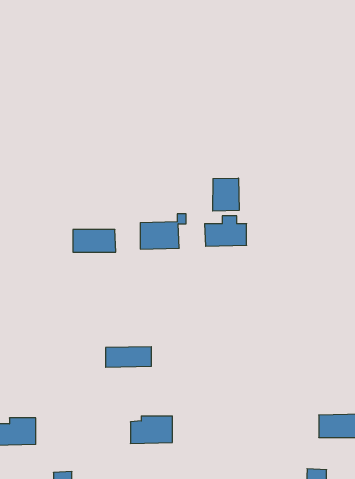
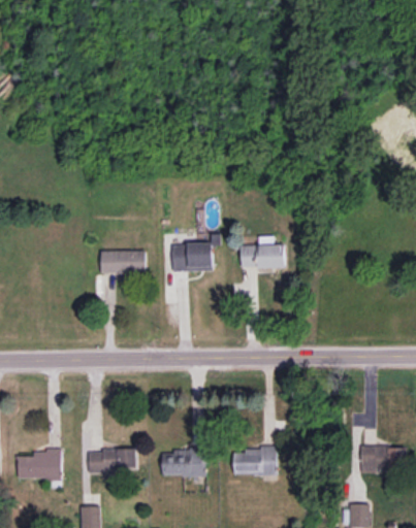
building: [213,178,239,211] -> none
building: [106,347,151,367] -> [88,449,136,470]
building: none -> [232,447,277,475]

